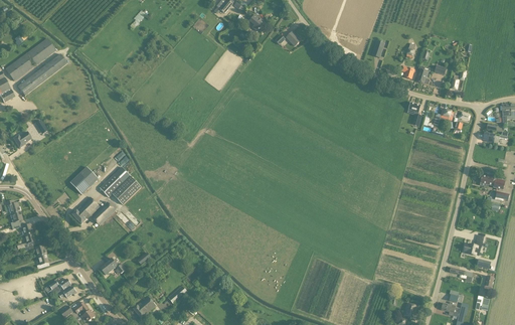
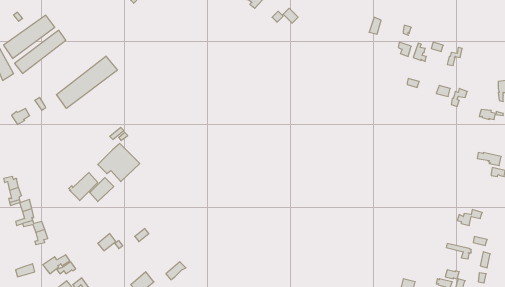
building: none -> [56,56,117,108]
building: [69,165,98,193] -> none

